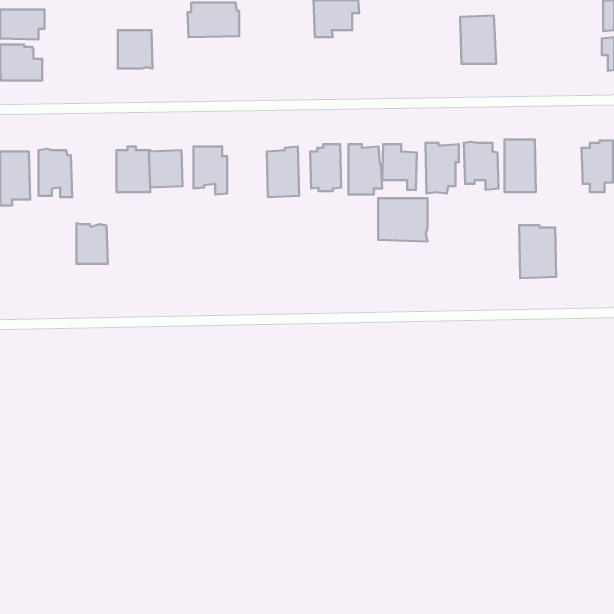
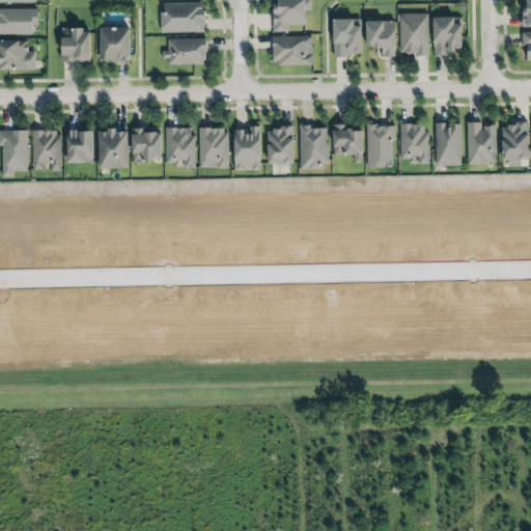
building: none -> [435,15,463,55]
building: none -> [333,17,362,57]
building: none -> [367,19,396,55]
building: none -> [62,26,91,61]
building: none -> [273,34,314,64]
building: none -> [163,37,207,64]
building: none -> [200,127,229,168]
building: [378,198,428,241] -> none
building: [77,223,108,264] -> [67,127,94,162]
building: [519,225,556,278] -> [466,120,498,166]

